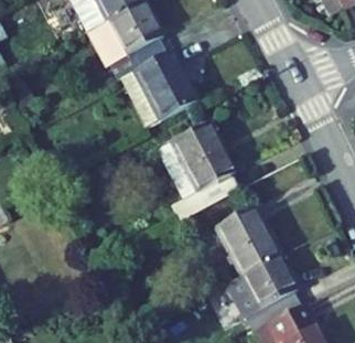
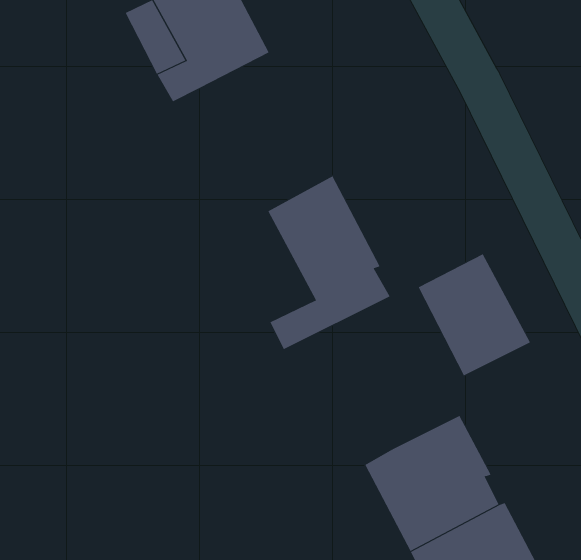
building: [135,54,197,121] -> none
building: [216,206,279,275] -> [418,253,531,376]

